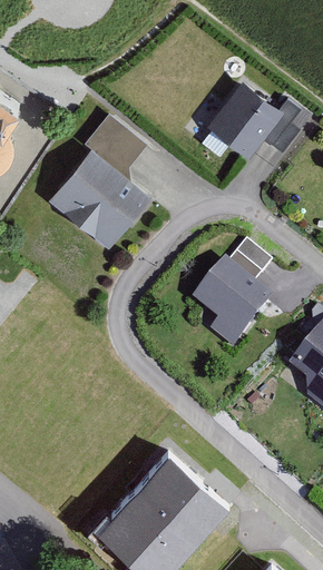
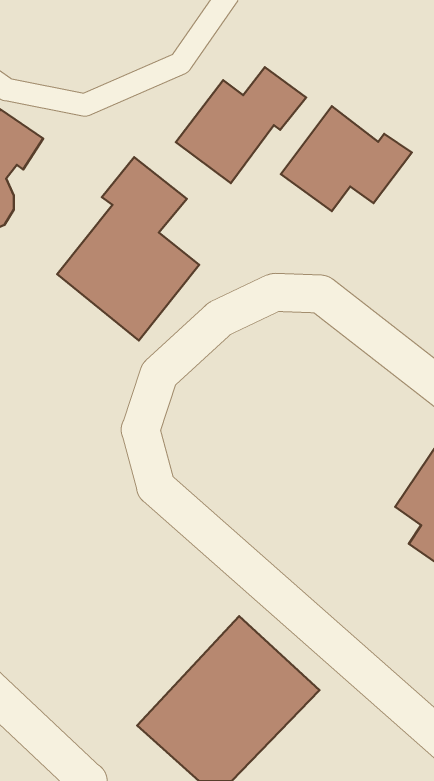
building: none -> [176,67,306,183]
building: [192,240,274,348] -> none

